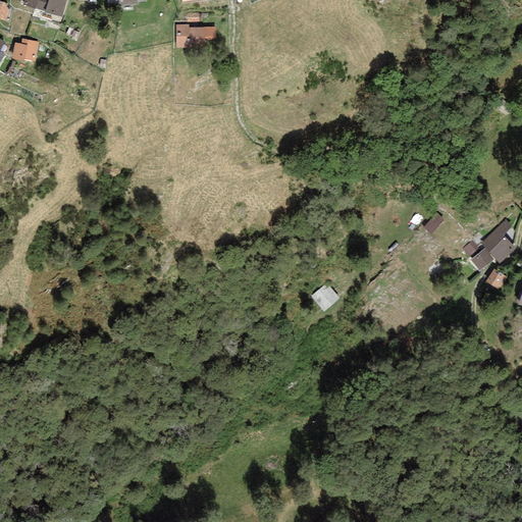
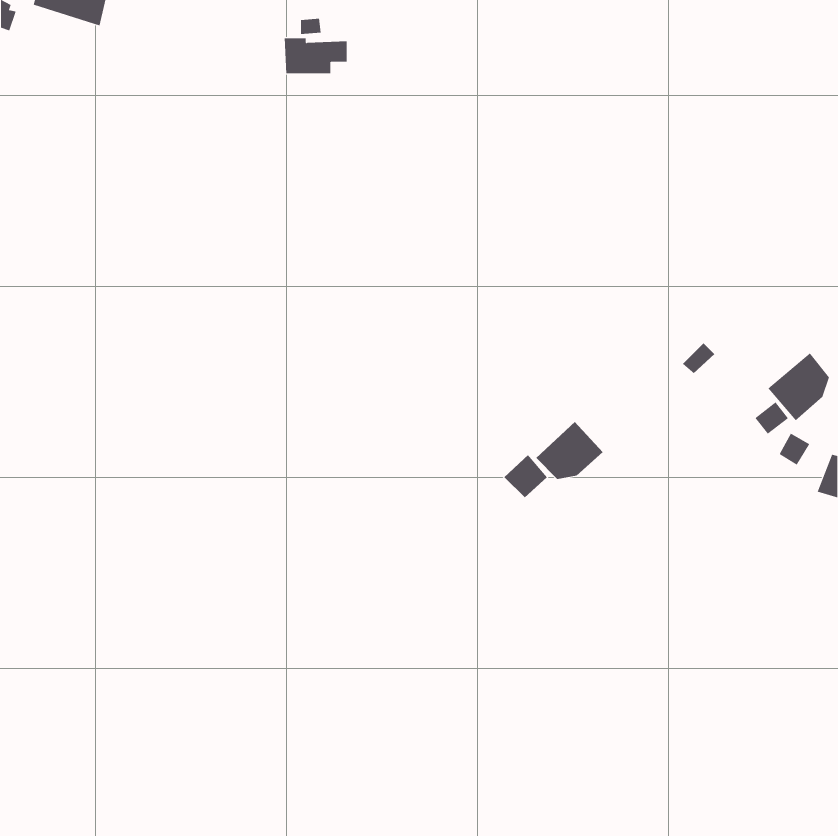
building: [13,38,41,60] -> none
building: none -> [535,421,604,480]

